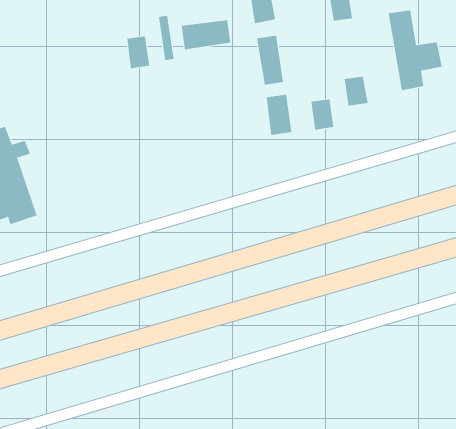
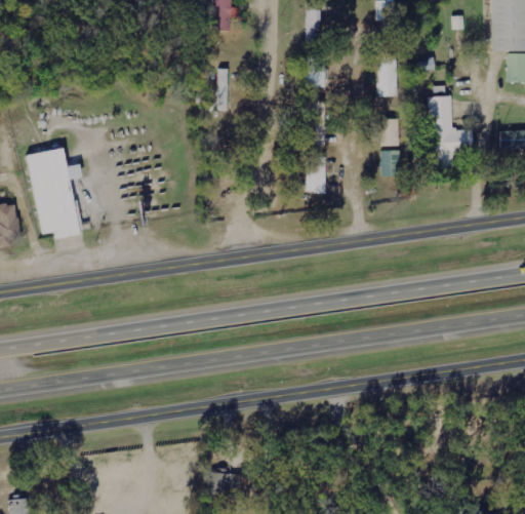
building: [181,20,231,50] -> none
building: [127,36,150,69] -> none
building: [310,99,334,130] -> [380,118,399,145]

